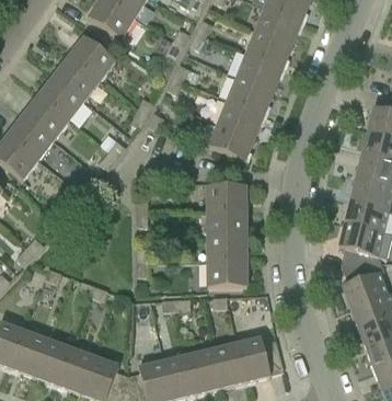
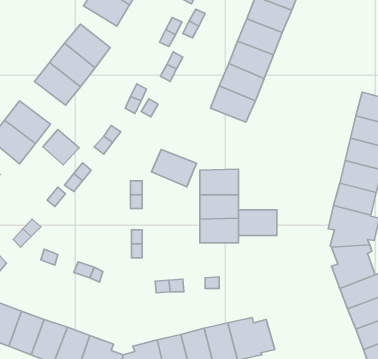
building: [22,94,69,138] -> none
building: [208,122,254,160] -> [152,149,196,187]
building: [207,260,246,286] -> [238,210,277,235]

